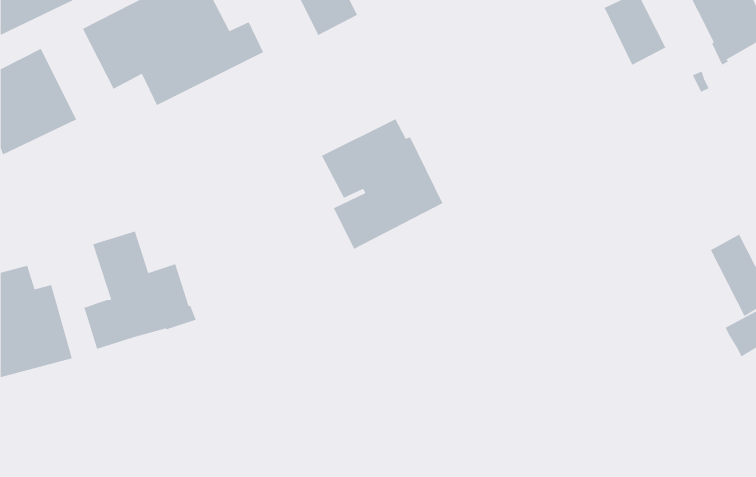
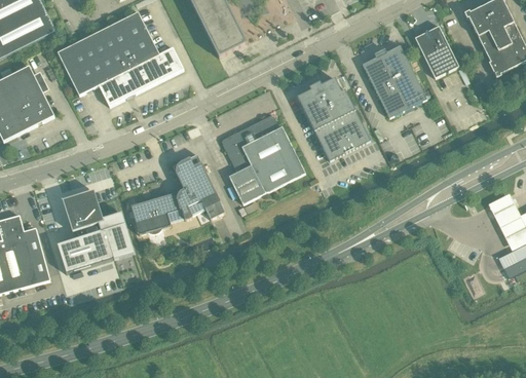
building: none -> [363,44,426,117]
building: none -> [298,77,371,159]
building: none -> [132,153,225,233]

